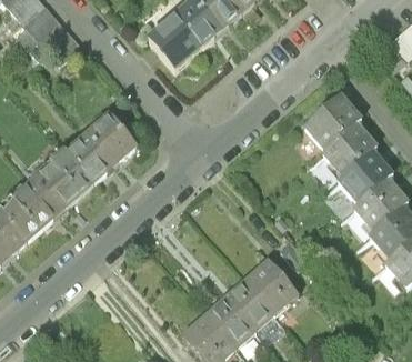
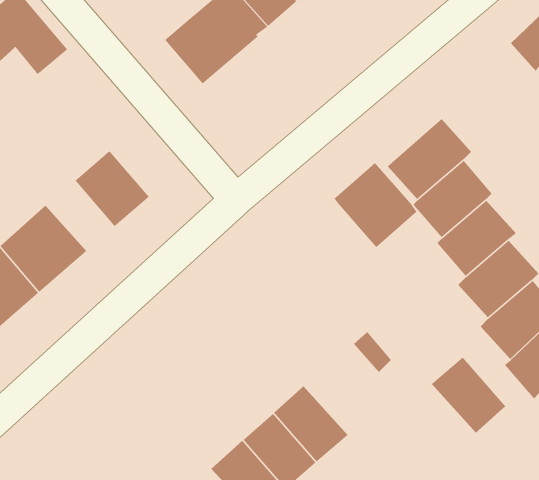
building: none -> [334,162,418,248]
building: [66,135,113,184] -> none
building: [244,259,297,312] -> [431,357,506,433]

